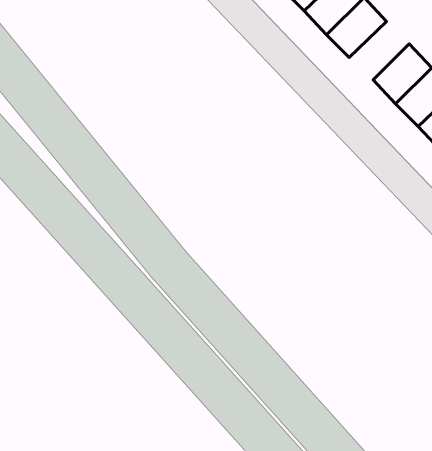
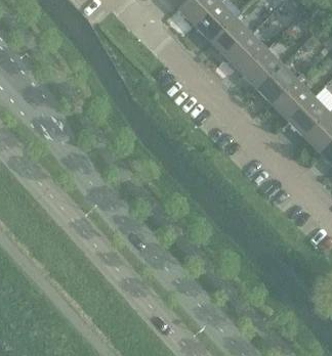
building: none -> [242,49,283,89]

